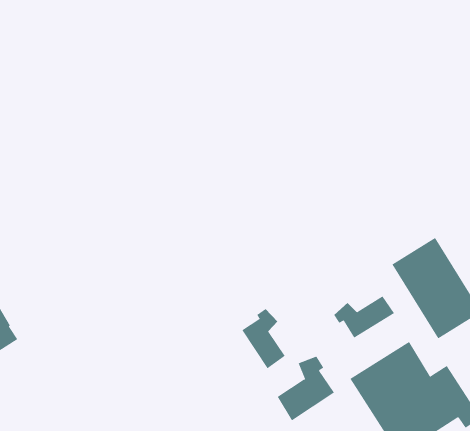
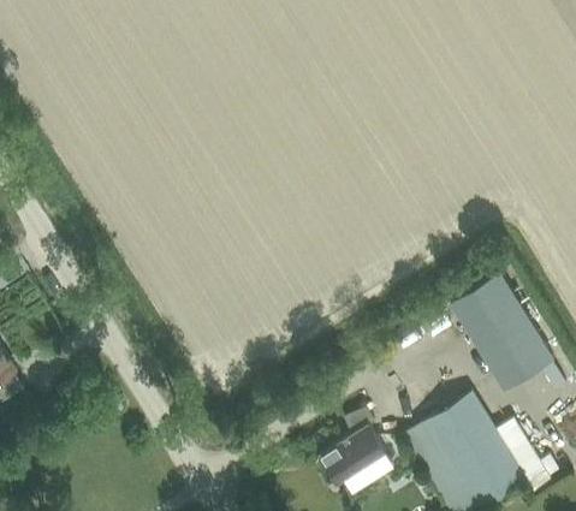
building: [333,295,395,339] -> none
building: [242,308,285,369] -> none

